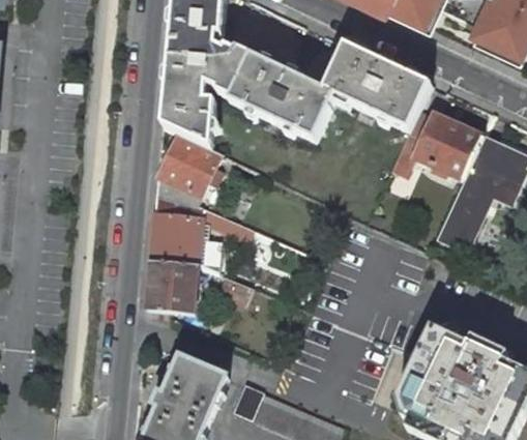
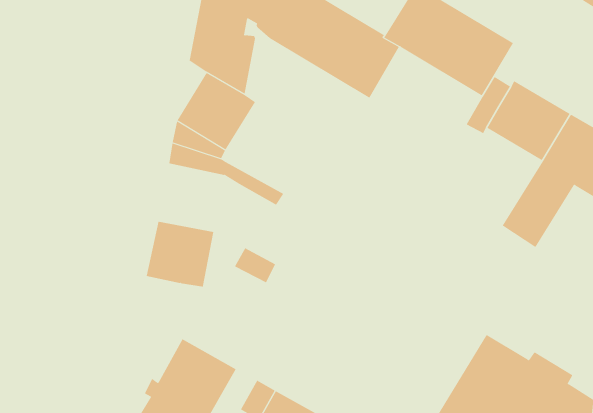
building: [149,214,201,267] -> none

